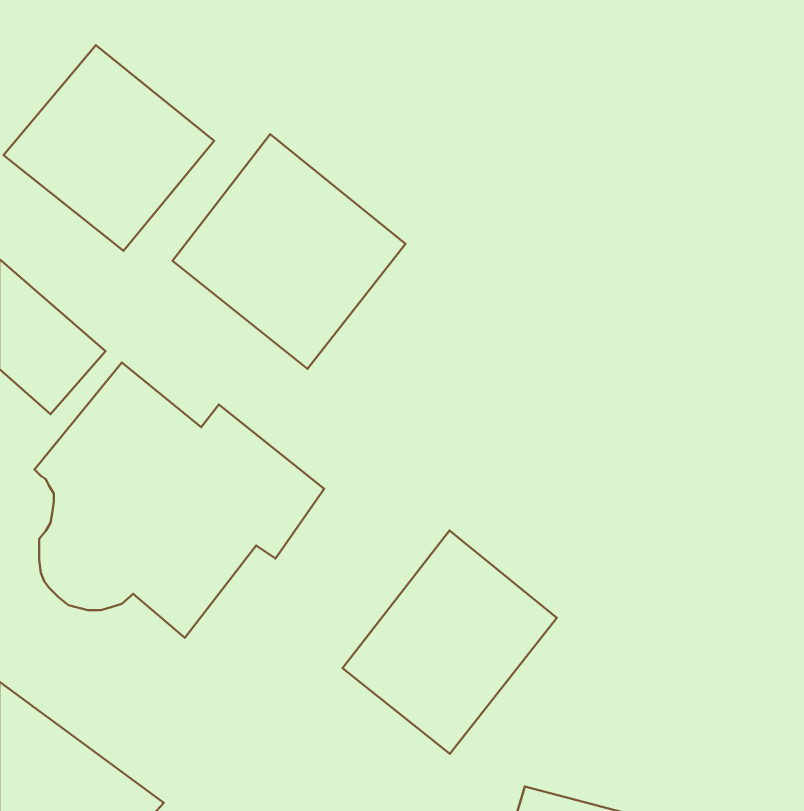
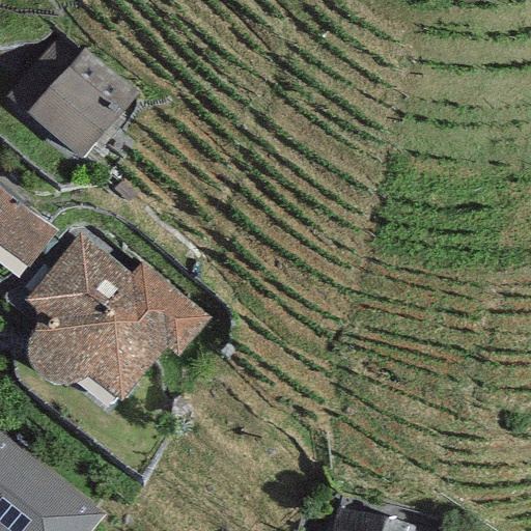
building: [172,134,406,369] -> none
building: [342,530,557,754] -> none

